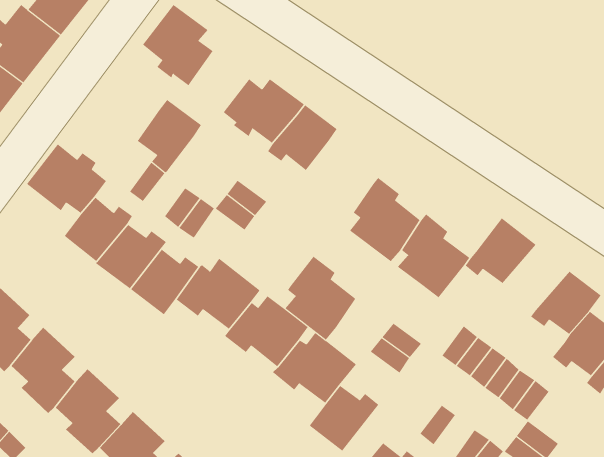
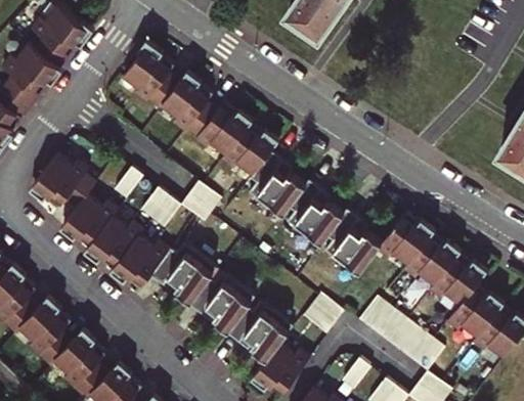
building: [137,99,202,173] -> [163,72,214,130]
building: none -> [403,232,460,283]
building: [285,256,356,341] -> [249,150,305,217]

